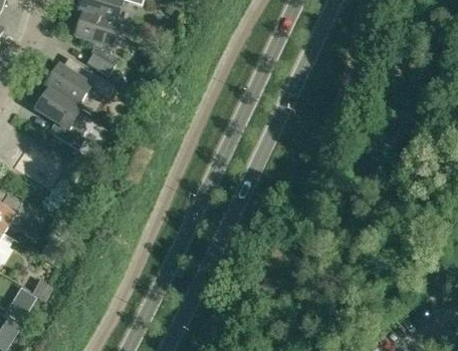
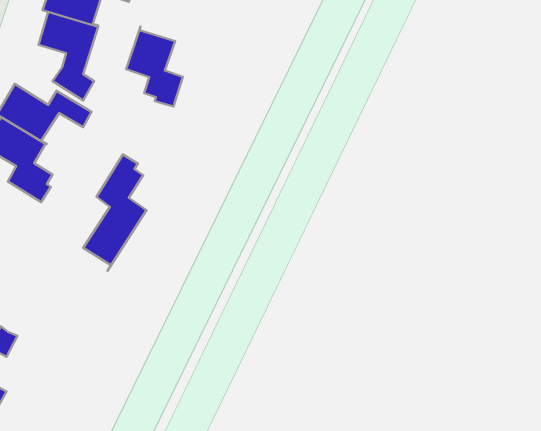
building: none -> [126,26,183,107]
building: none -> [83,155,146,271]

